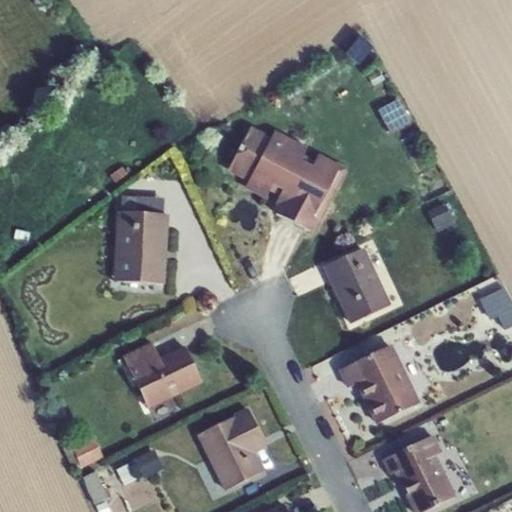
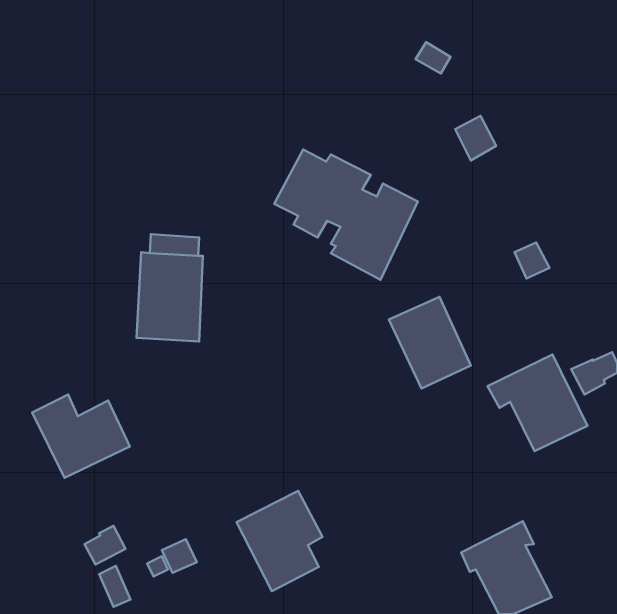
building: [121,339,202,408] -> [32,394,130,478]
building: [337,343,420,423] -> [487,355,588,451]

